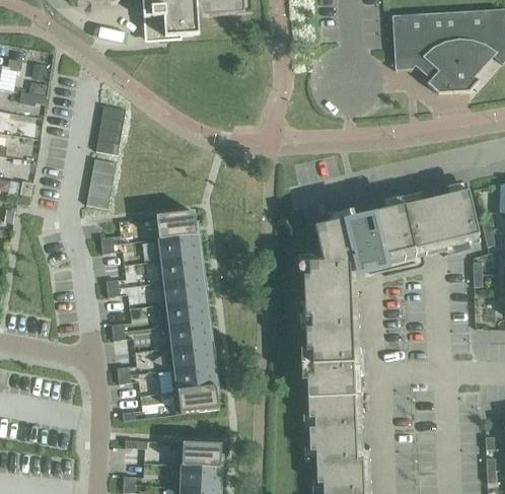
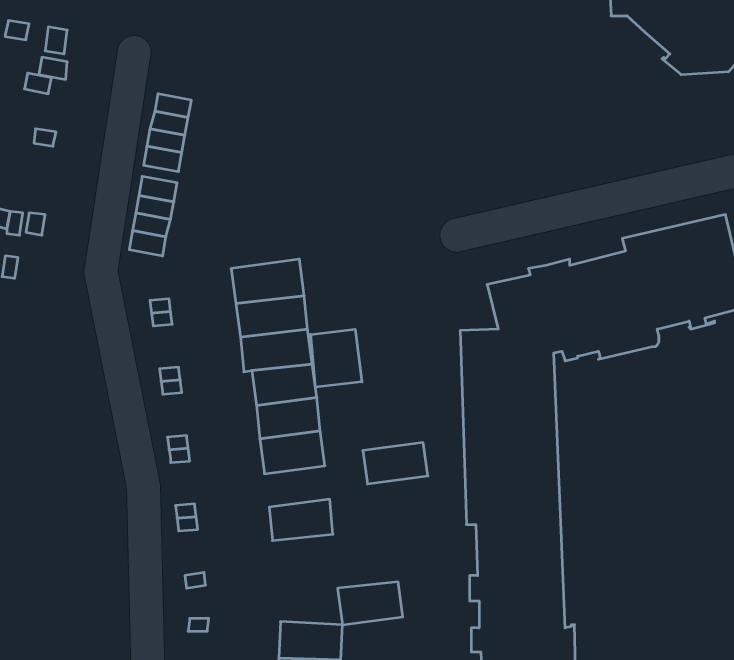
building: none -> [311,329,362,387]
building: [172,342,214,368] -> [363,443,428,484]
building: [177,385,219,413] -> [338,582,403,625]

